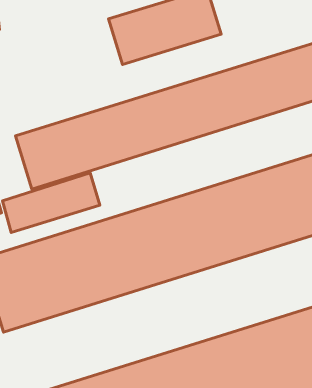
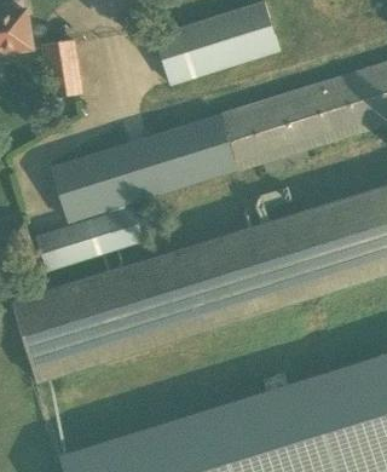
building: none -> [44,40,82,98]

